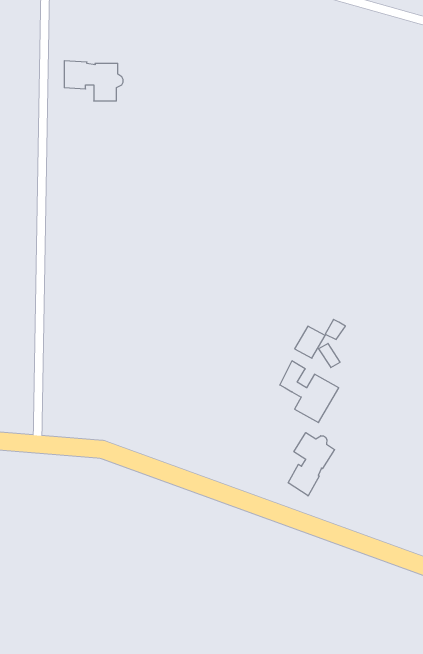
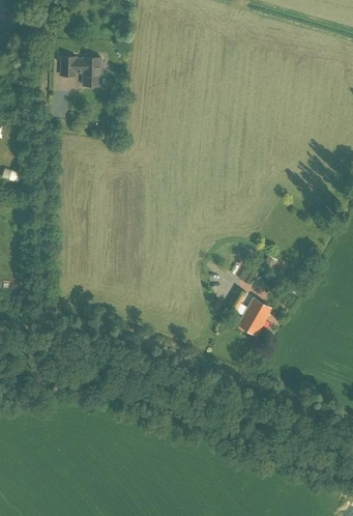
building: [288,433,335,496] -> none

